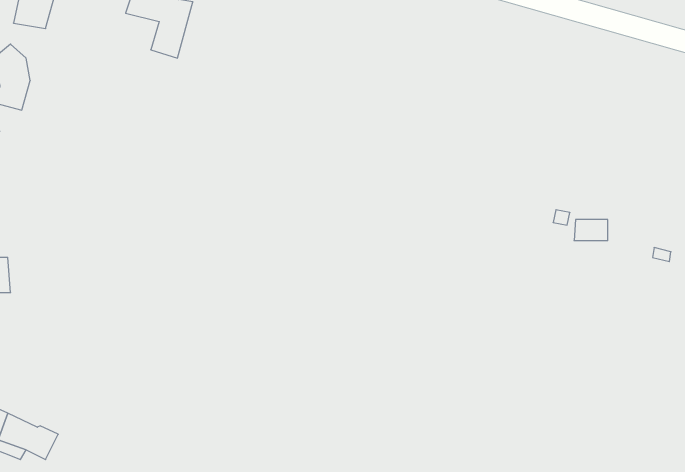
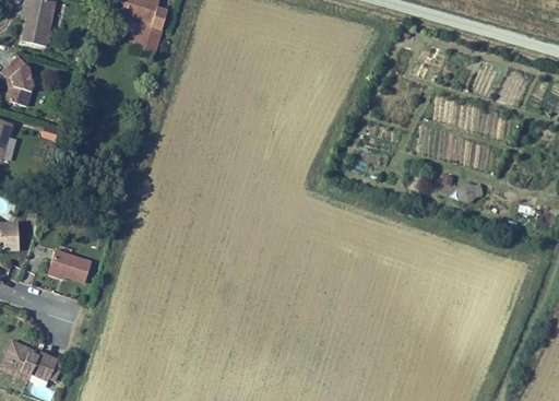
building: none -> [48,249,91,282]

